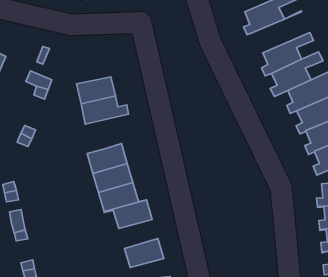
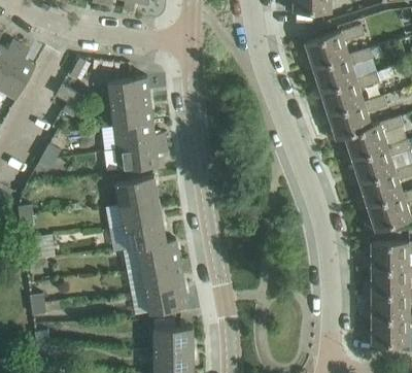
building: none -> [305,50,375,94]
building: none -> [107,78,149,105]
building: none -> [115,144,166,172]
building: none -> [141,264,183,293]

